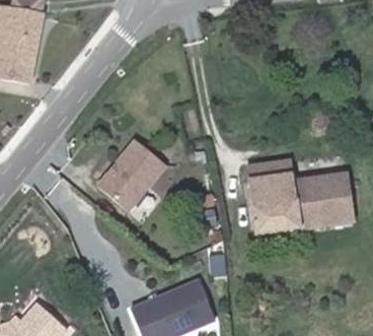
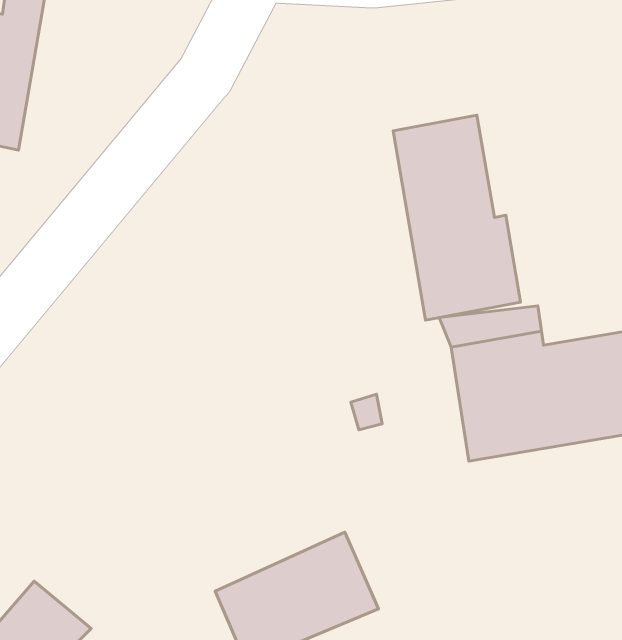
building: none -> [393,115,520,320]
building: [96,137,163,208] -> none

